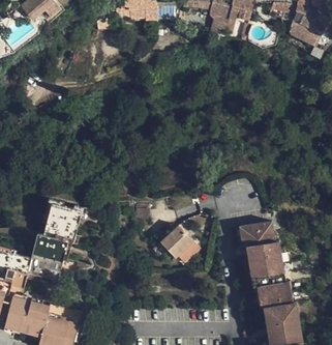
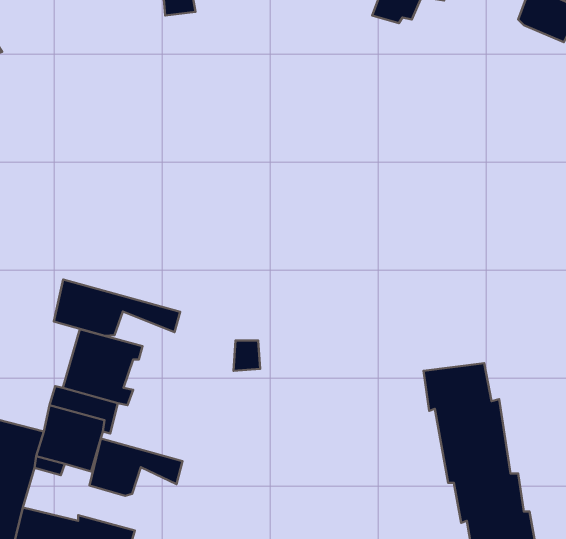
building: none -> [54,280,180,336]
building: [158,224,193,257] -> none
building: none -> [89,439,183,496]

